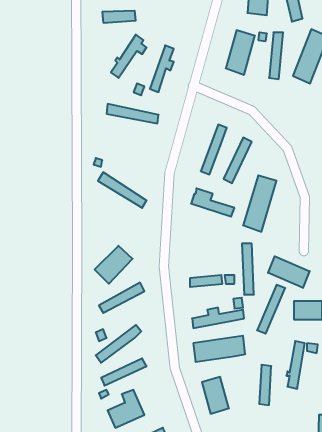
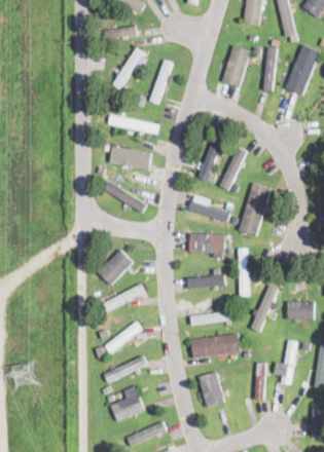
building: none -> [99,145,151,172]
building: none -> [189,233,225,259]
building: [268,256,310,288] -> none

